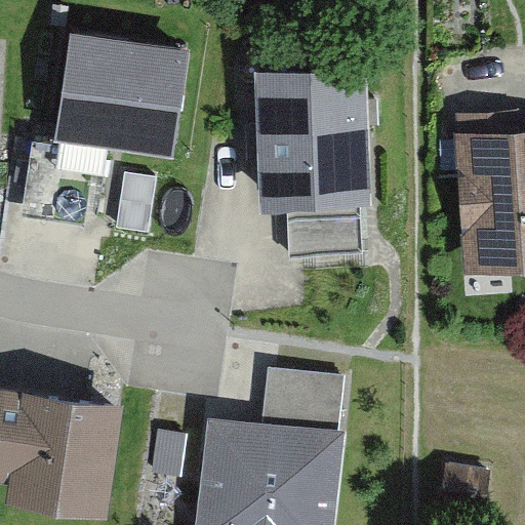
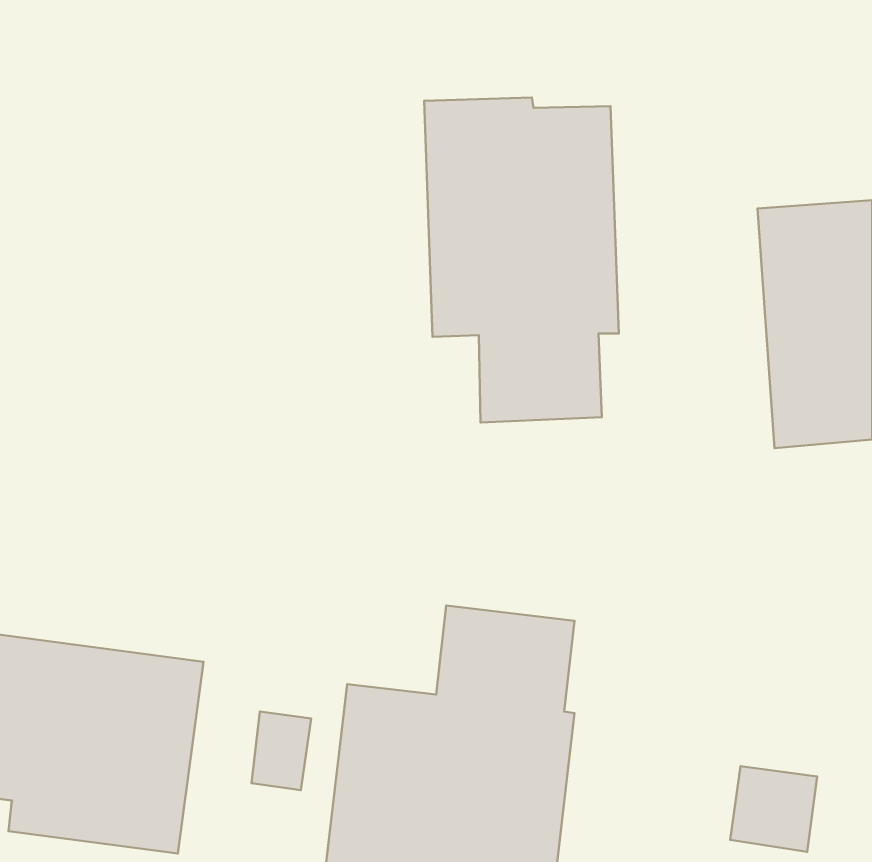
building: [21,28,190,229] -> none

